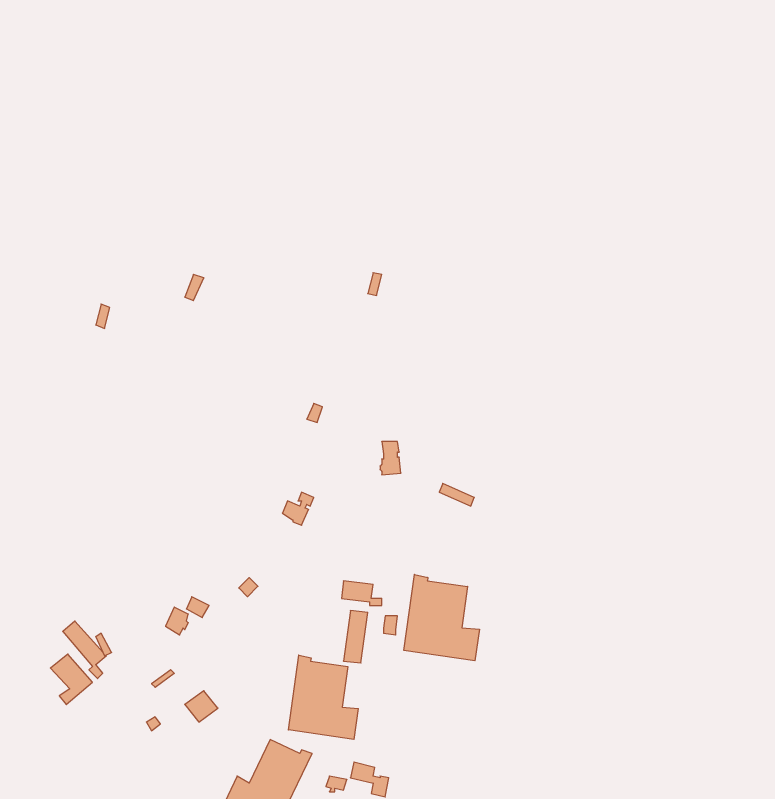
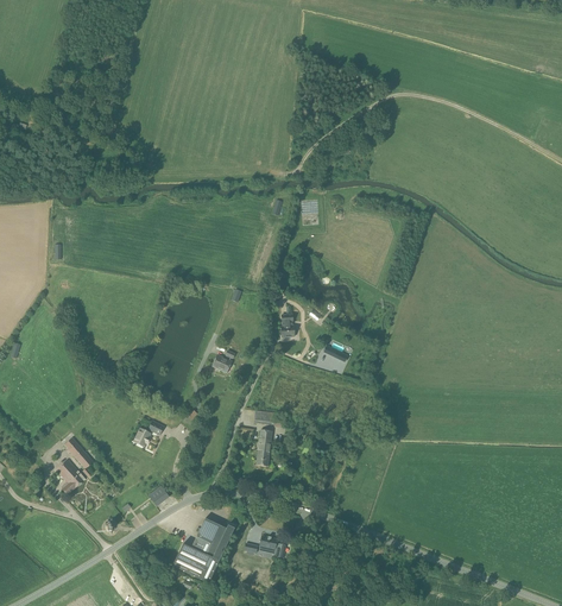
building: [404,574,479,661] -> none
building: [288,655,358,739] -> none

